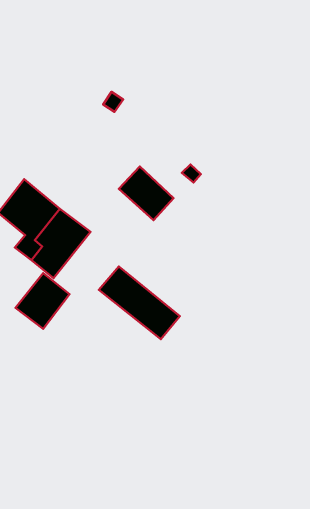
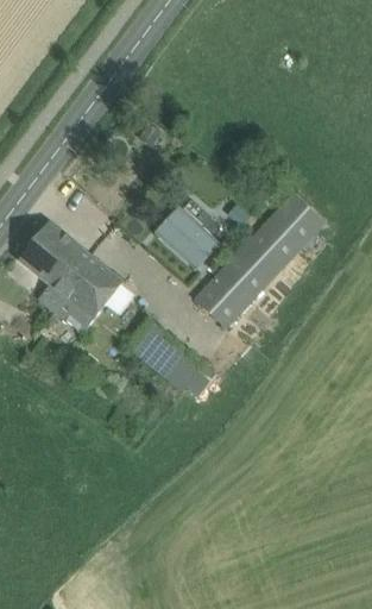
building: none -> [196,192,326,329]
building: [16,273,70,329] -> none

